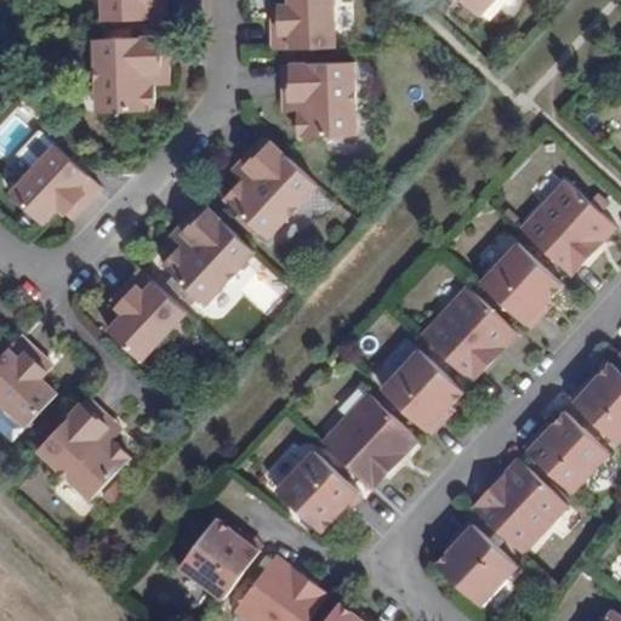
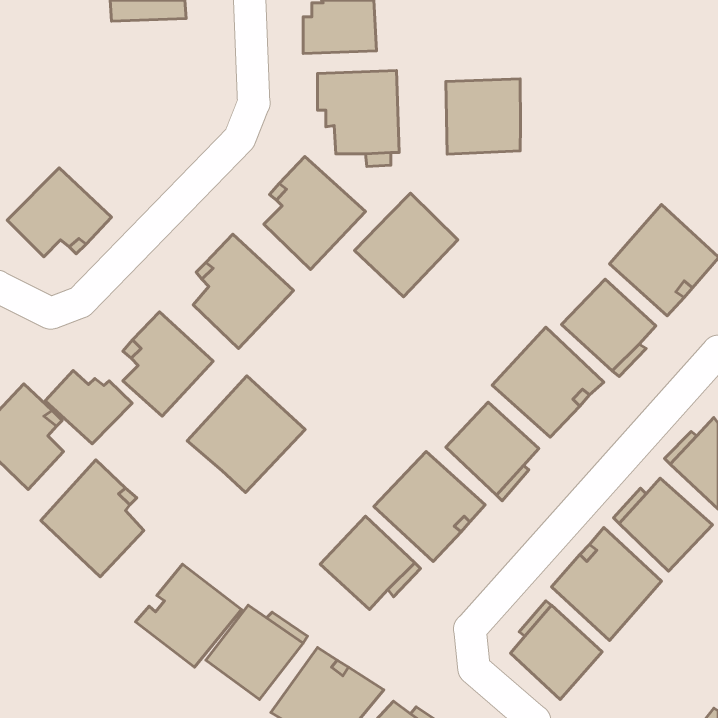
building: [92,35,166,109] -> none
building: none -> [446,79,520,154]
building: none -> [354,193,458,297]
building: none -> [45,370,132,444]
building: none -> [187,376,305,493]
building: none -> [136,564,241,667]

